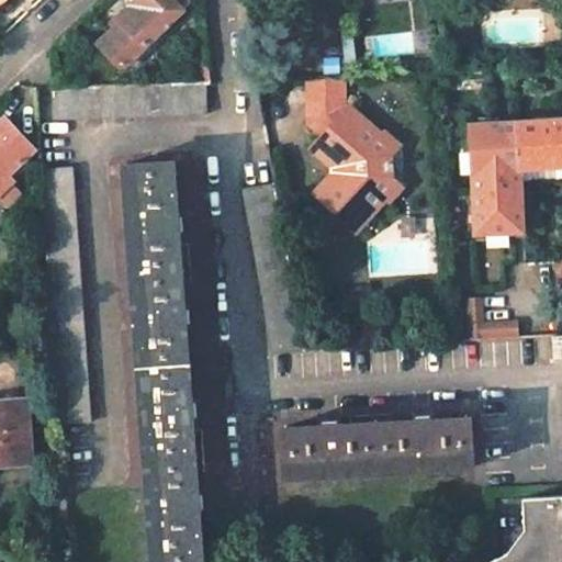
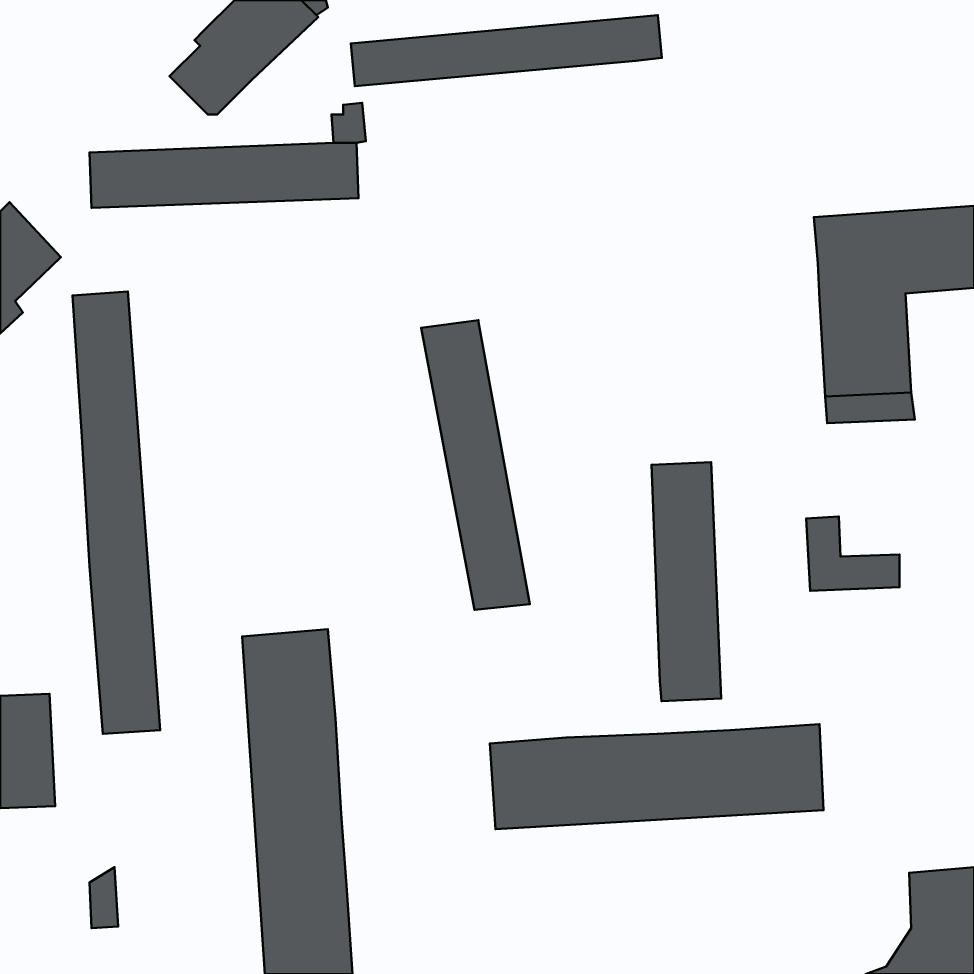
building: none -> [351,15,662,86]
building: [307,77,402,229] -> none
building: [125,160,189,367] -> none
building: none -> [652,462,721,701]

